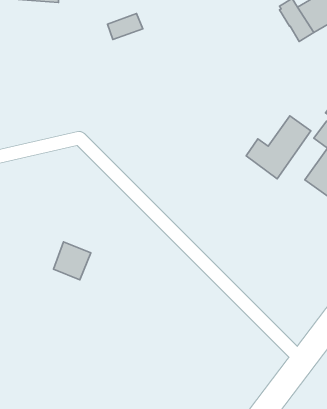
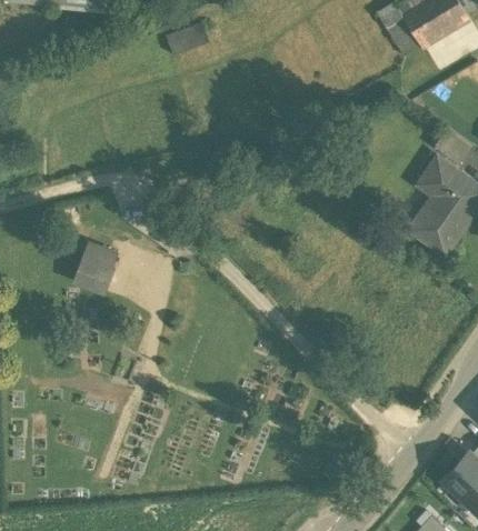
building: [246,116,311,179] -> none
building: [54,242,91,280] -> [72,240,118,287]

